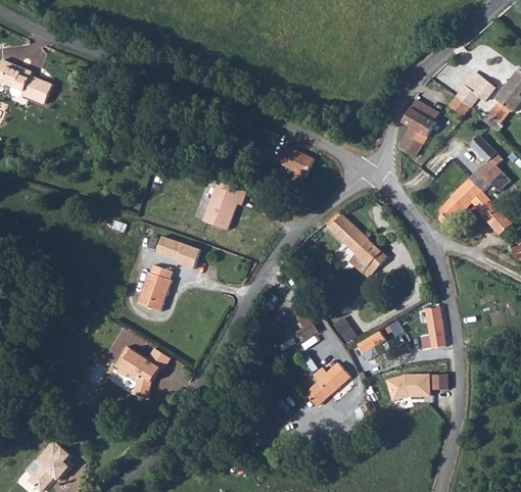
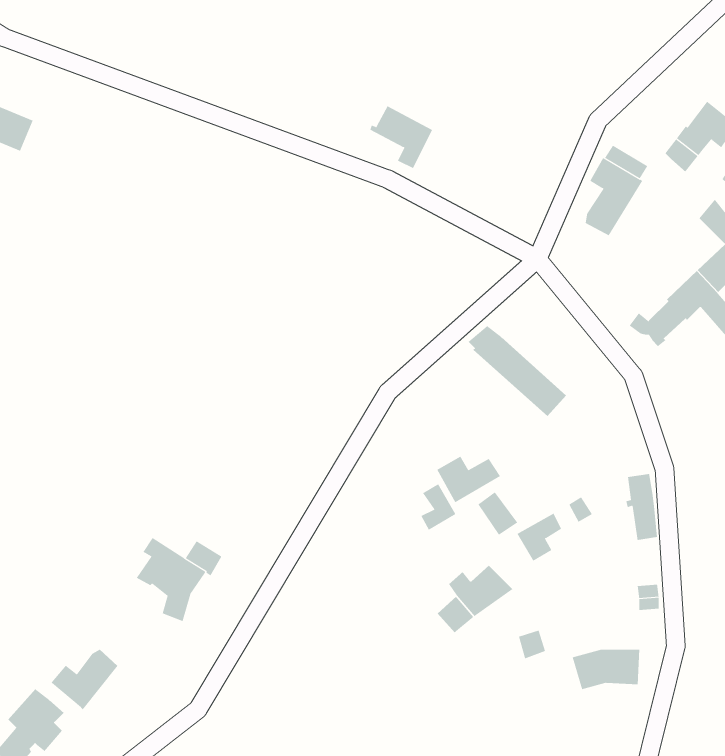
building: [274,144,314,184] -> [369,105,433,169]
building: [202,181,246,229] -> none
building: [155,236,200,268] -> none
building: [137,264,172,311] -> none
building: none -> [436,456,501,503]
building: [386,374,429,399] -> [572,649,640,690]
building: none -> [51,649,118,710]

